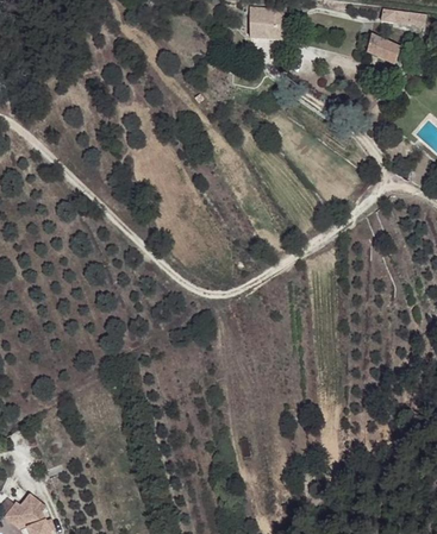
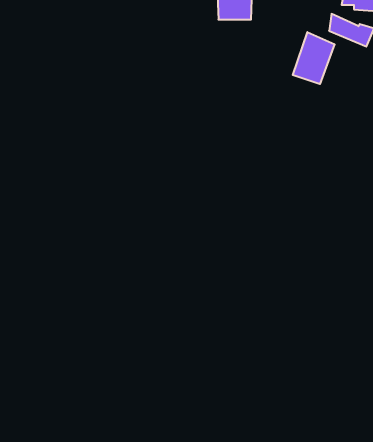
building: none -> [293,32,335,84]

